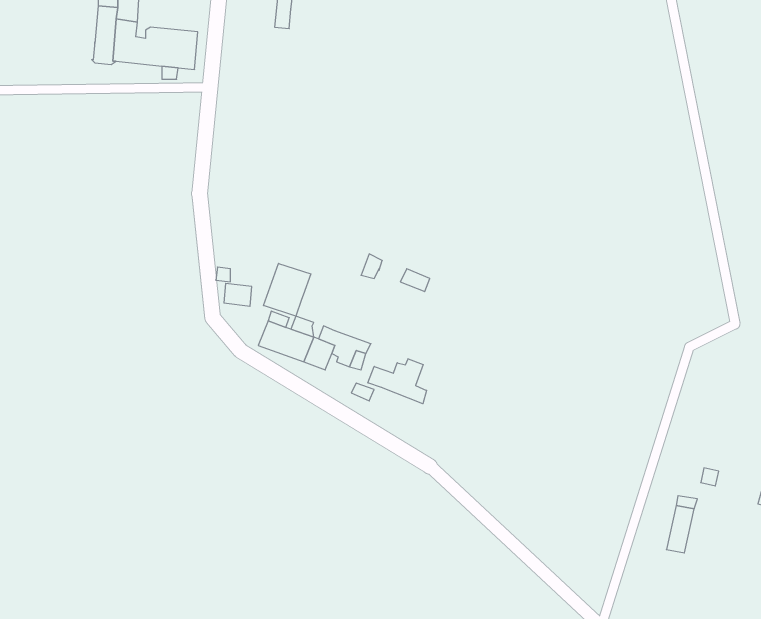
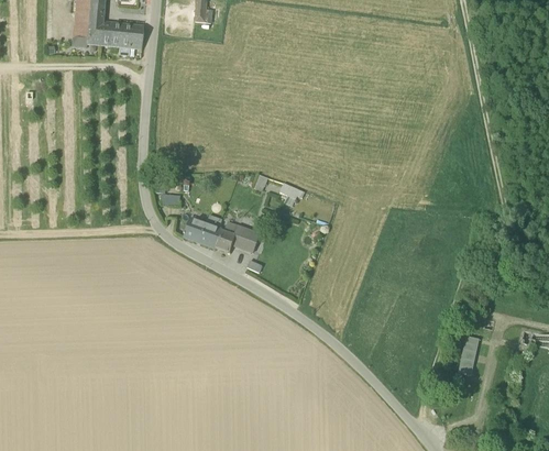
building: [264,263,311,316] -> none
building: [368,359,427,404] -> none

